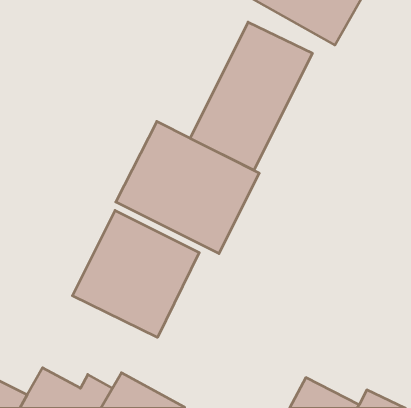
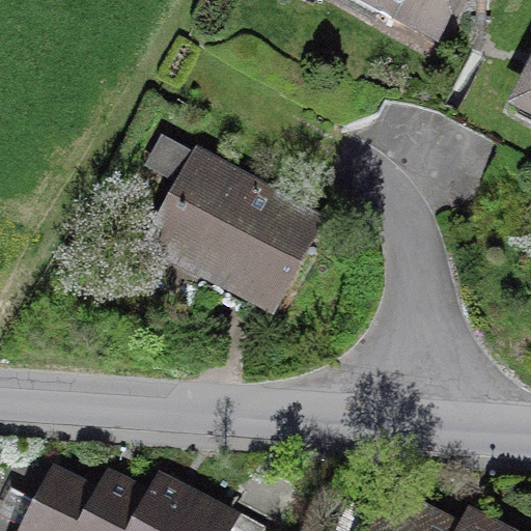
building: [190,22,312,170] -> none
building: [72,210,199,337] -> none

